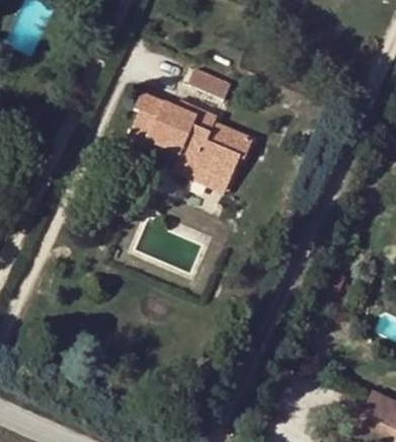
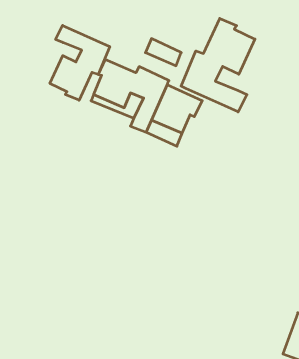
building: none -> [181,18,255,112]
building: none -> [50,25,110,100]

